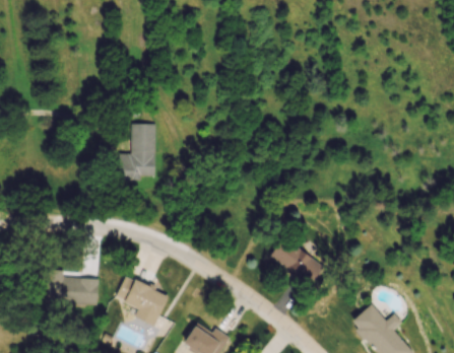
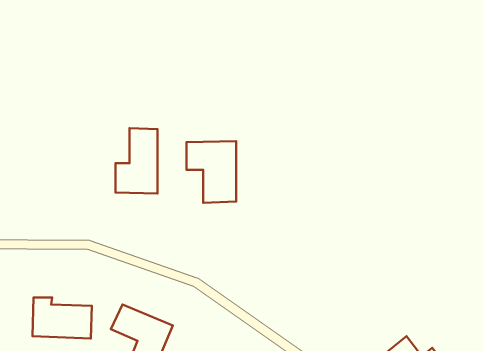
building: none -> [187,141,236,203]
building: [268,239,324,287] -> none

